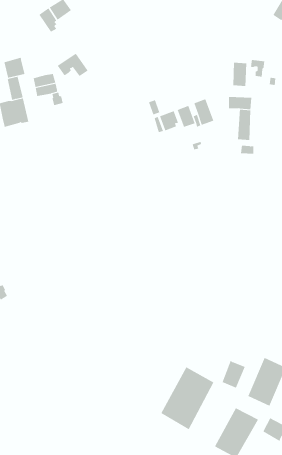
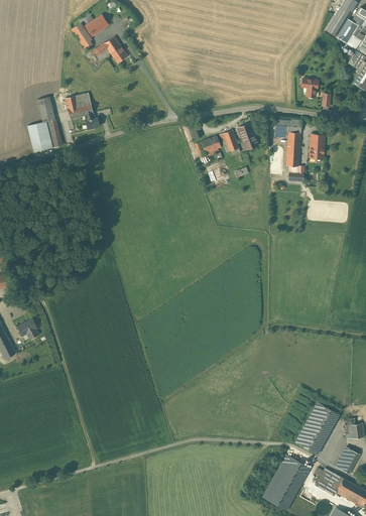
building: [57,53,88,77] -> [92,37,126,63]
building: [4,57,25,79] -> none
building: [232,62,247,86] -> [309,133,325,159]
building: [222,360,245,388] -> none
building: [160,367,214,430] -> none

